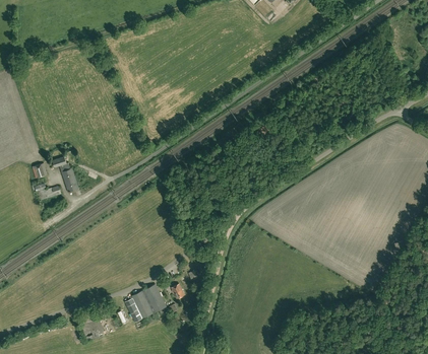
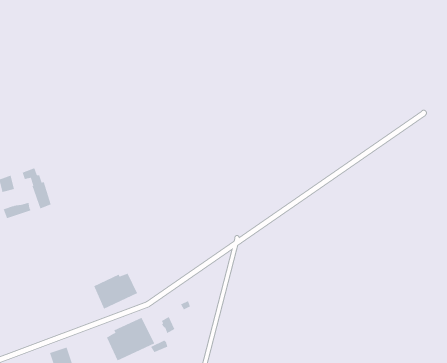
building: none -> [94,273,138,309]

